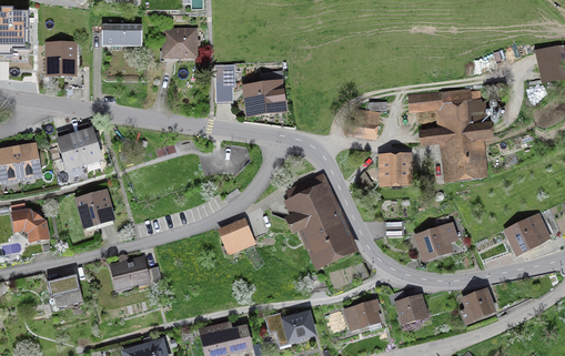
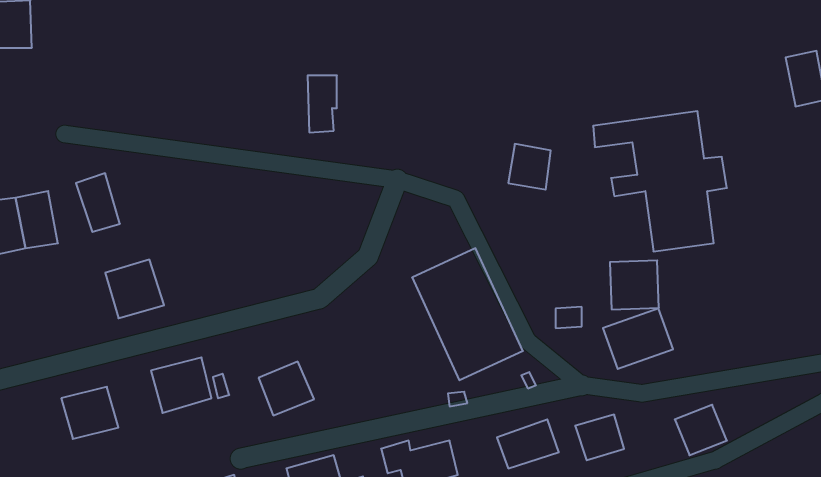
building: [101,24,141,45] -> none
building: [159,29,194,59] -> none
building: [42,48,74,77] -> none
building: [241,80,286,119] -> none
building: [74,124,103,164] -> none
building: [376,153,410,186] -> [610,260,659,309]
building: [9,210,48,242] -> none
building: [503,216,551,257] -> none
building: [216,218,254,255] -> [259,362,314,415]

